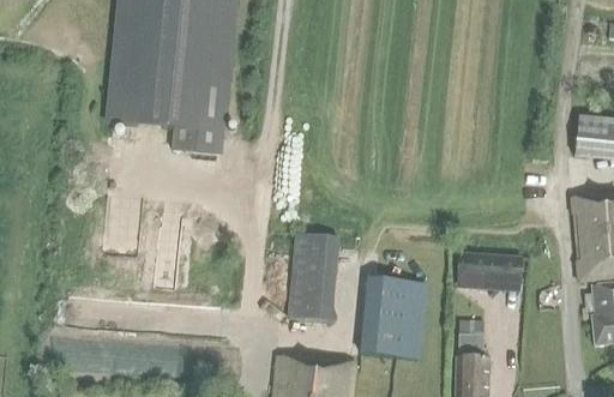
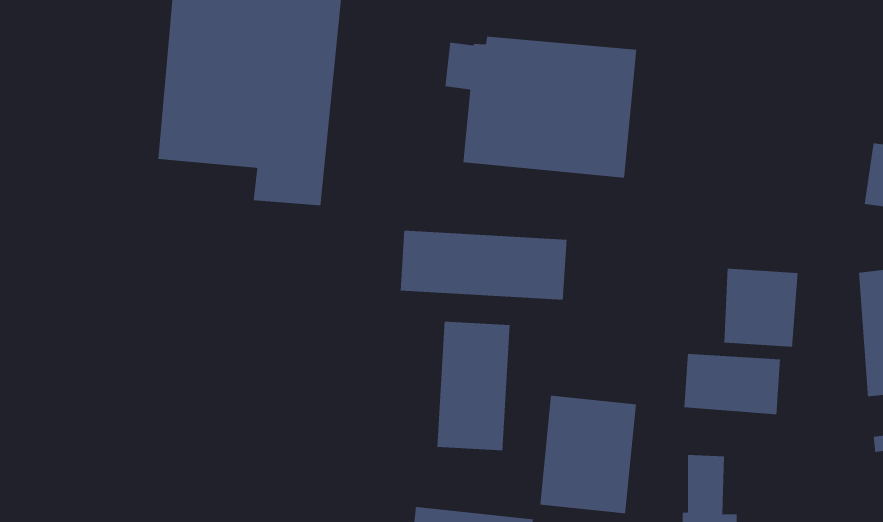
building: none -> [445,36,637,179]
building: none -> [400,230,567,301]
building: none -> [724,268,798,347]

